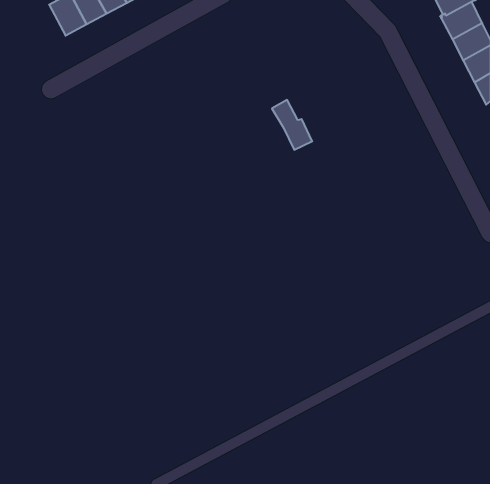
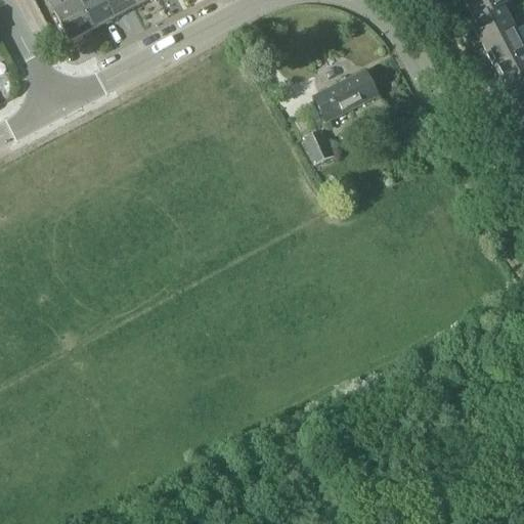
building: none -> [312,67,377,119]

